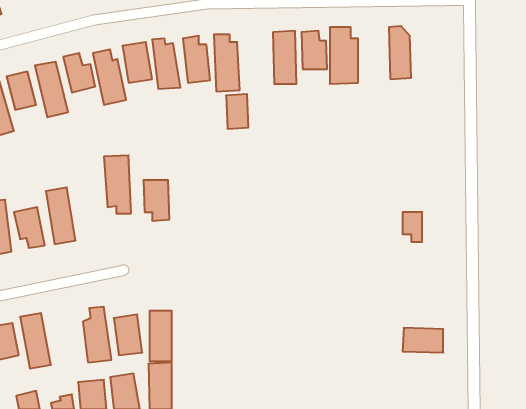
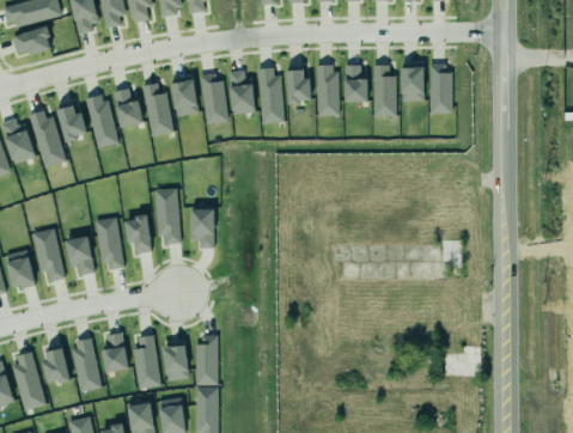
building: none -> [401,67,425,102]
building: [226,94,248,129] -> [287,69,309,103]
building: none -> [123,215,152,254]
building: none -> [98,329,129,371]

